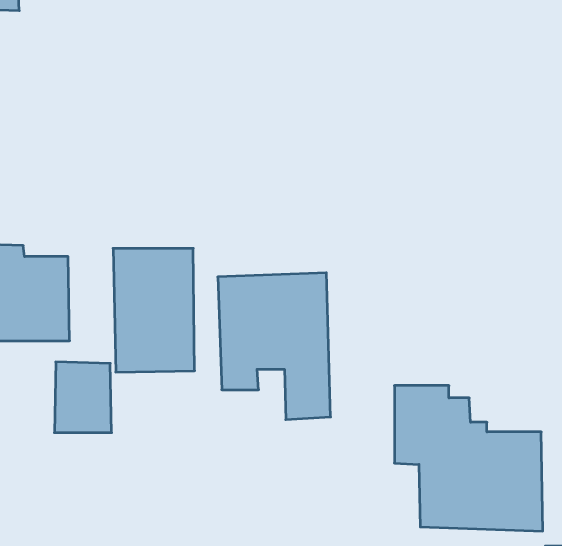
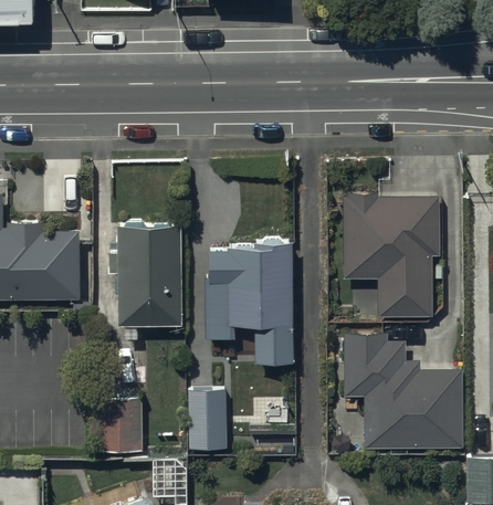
building: none -> [343,196,439,316]
building: [54,362,112,433] -> [96,400,143,457]
building: none -> [188,390,228,453]

